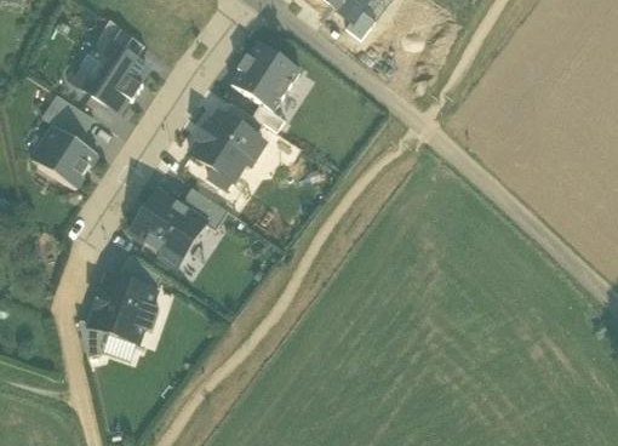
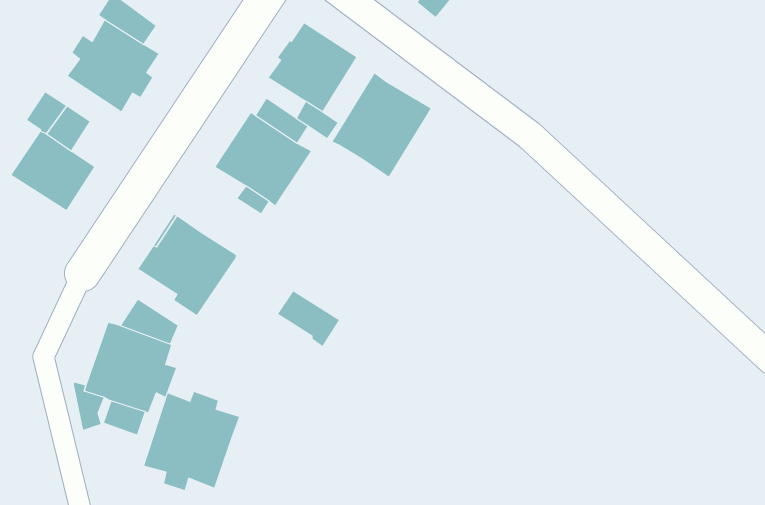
building: none -> [332,72,432,178]
building: [178,187,227,230] -> [277,290,340,347]
building: none -> [143,391,240,491]

